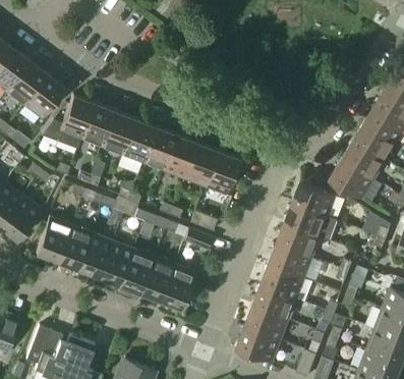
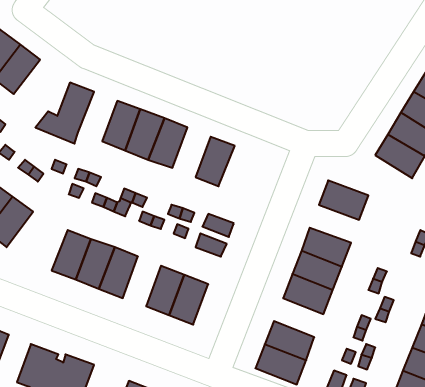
building: [22,74,64,118] -> none
building: [79,103,114,147] -> none
building: [163,134,196,178] -> none
building: [204,151,239,195] -> none
building: [330,159,374,199] -> none
building: [284,203,337,240] -> none
building: [36,217,70,261] -> none
building: [119,249,153,292] -> none
building: [252,285,296,320] -> none

